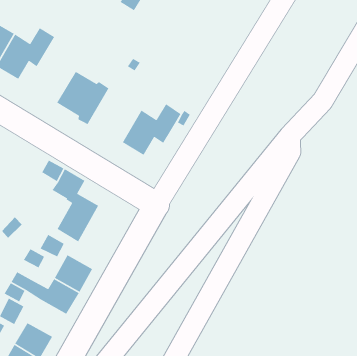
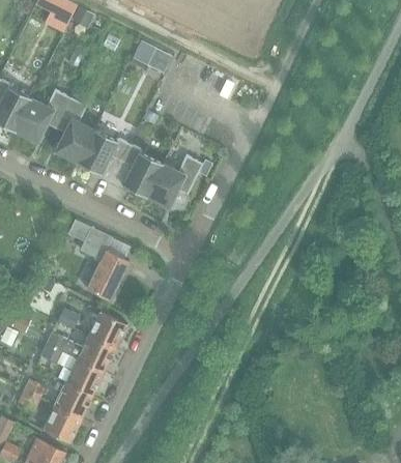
building: none -> [54,97,93,163]
building: none -> [110,144,162,197]
building: none -> [65,359,104,395]

